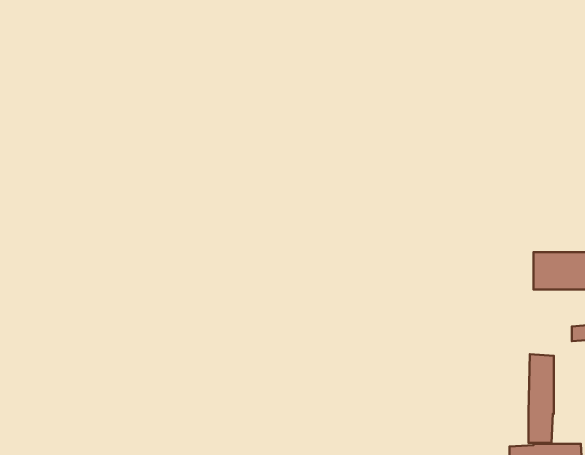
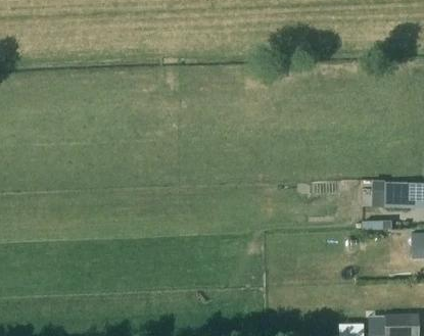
building: [529,354,554,443] -> none

